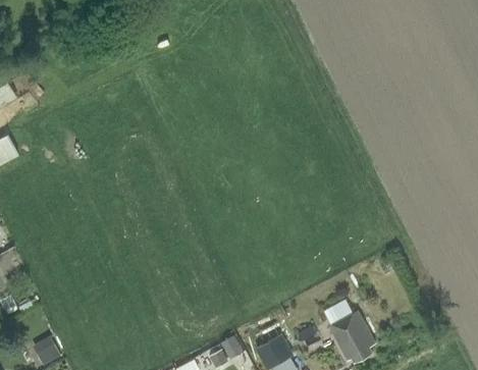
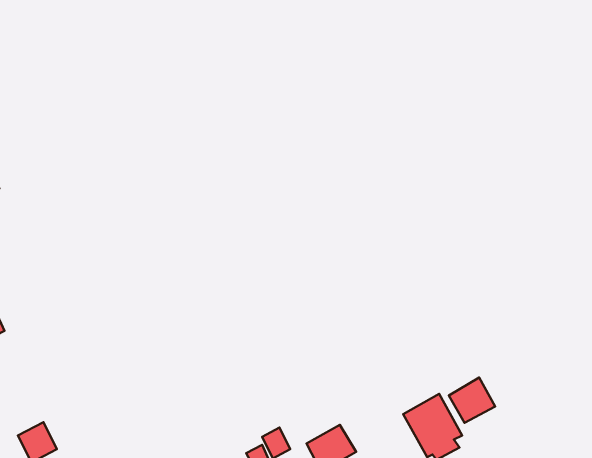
building: none -> [449,378,495,423]

